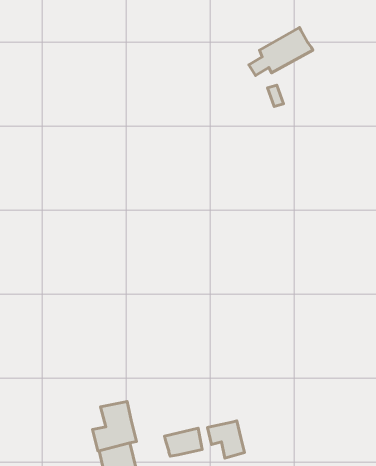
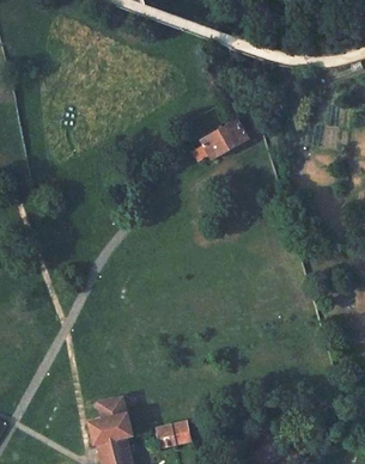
building: [249,27,313,75] -> [190,118,248,161]
building: [208,421,245,458] -> none

